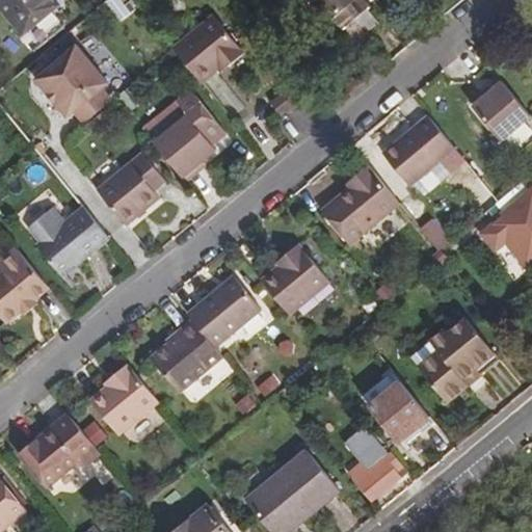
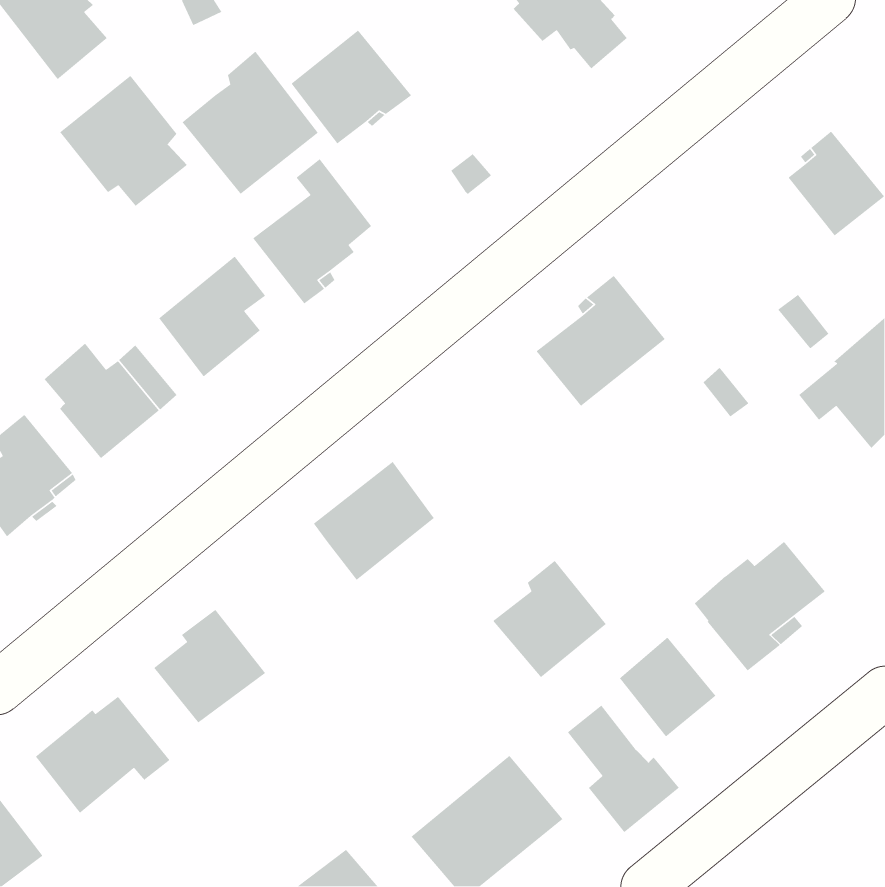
building: none -> [182,51,319,195]
building: [384,114,453,181] -> none
building: [259,243,327,314] -> [492,560,607,678]
building: [153,324,222,392] -> none

